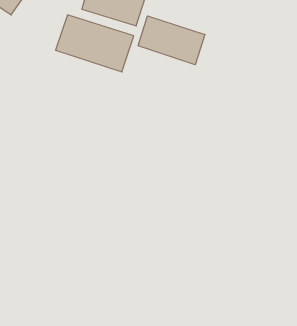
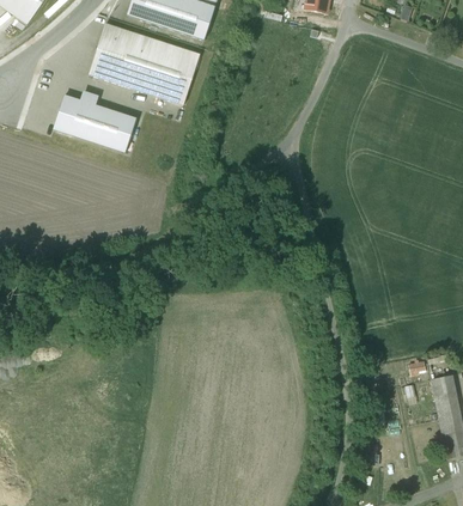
building: [138,16,205,65] -> none
building: none -> [53,90,135,151]

